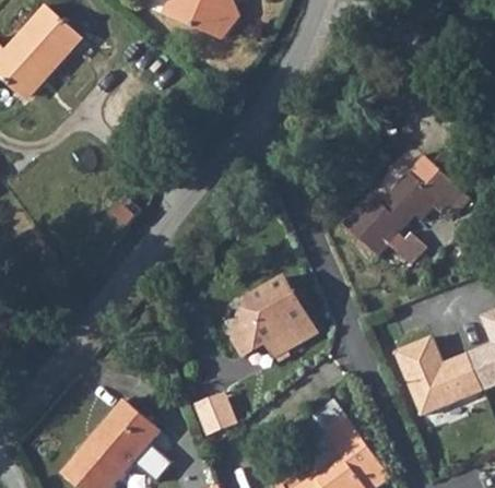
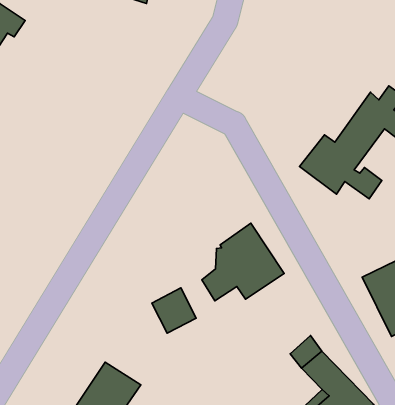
building: [198,391,241,436] -> [152,288,196,333]

